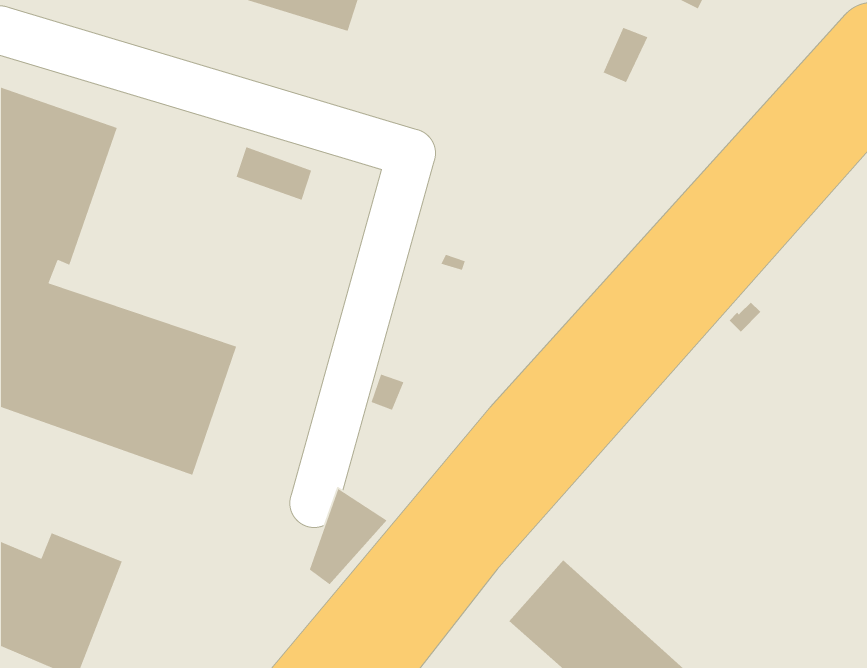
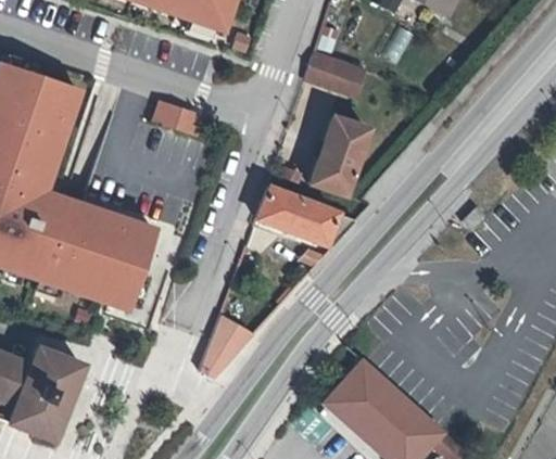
building: none -> [305,54,362,94]
building: none -> [308,115,367,194]
building: none -> [257,180,355,247]

